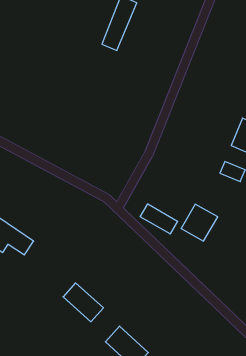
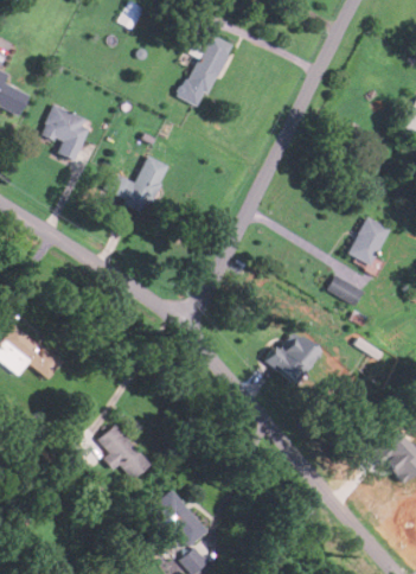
building: none -> [43,107,90,161]
building: none -> [103,155,167,211]
building: [140,204,178,234] -> none

